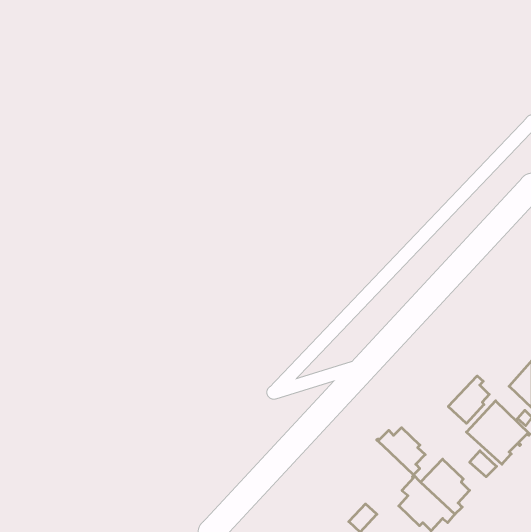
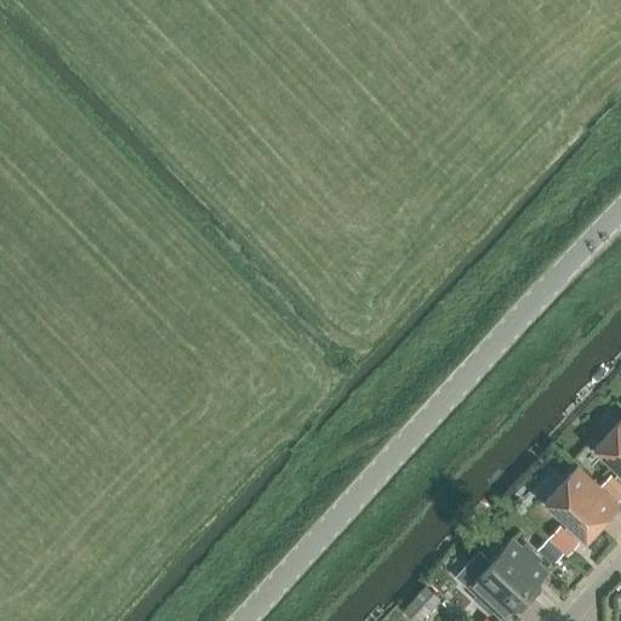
building: [448,376,489,423] -> none
building: [377,428,425,475] -> none

